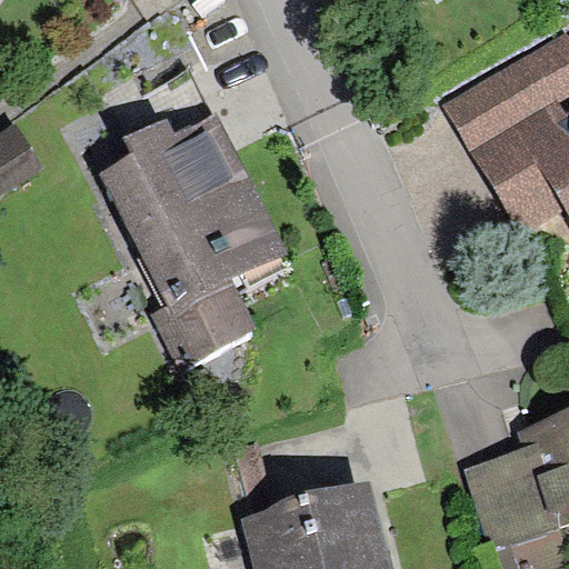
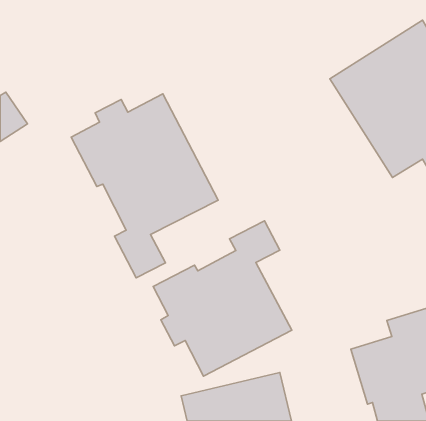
building: none -> [153,221,292,376]

